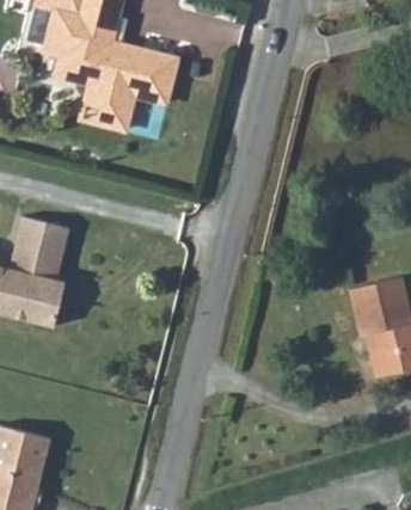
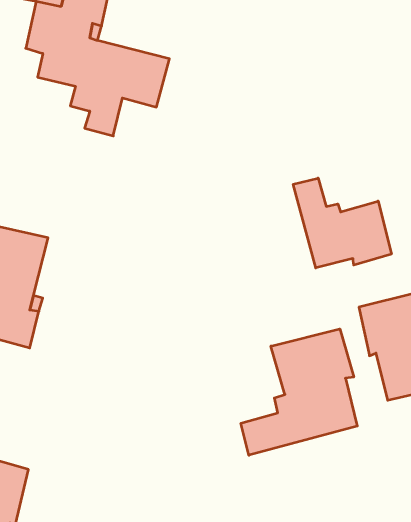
building: none -> [293,178,391,268]
building: none -> [241,329,357,455]

